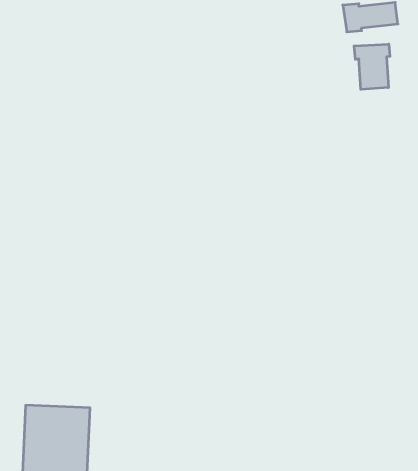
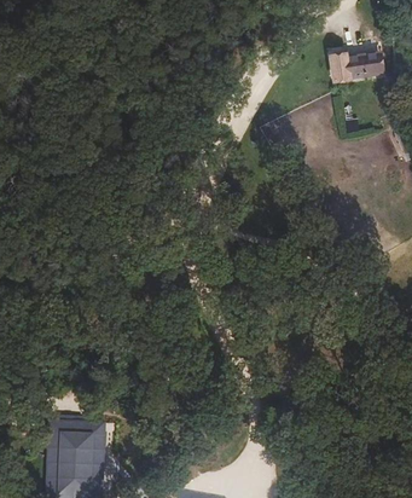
building: [354,44,390,89] -> none

